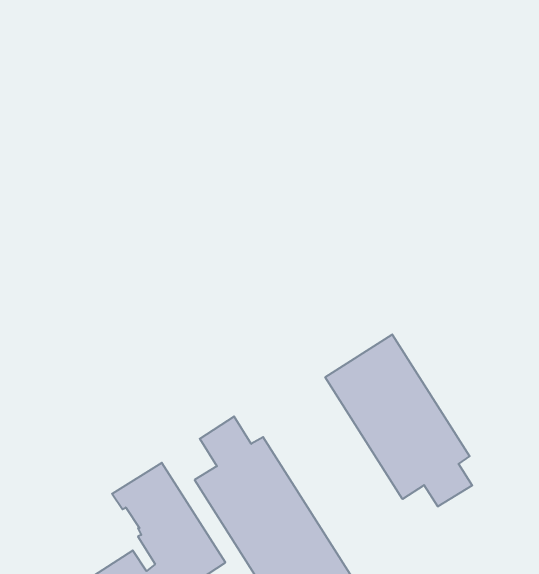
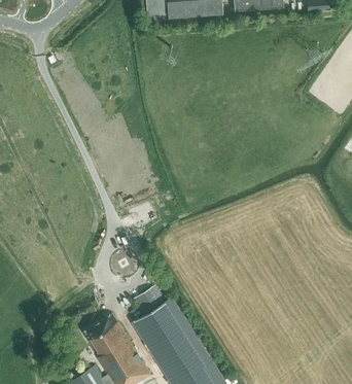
building: [325,334,472,507] -> none

